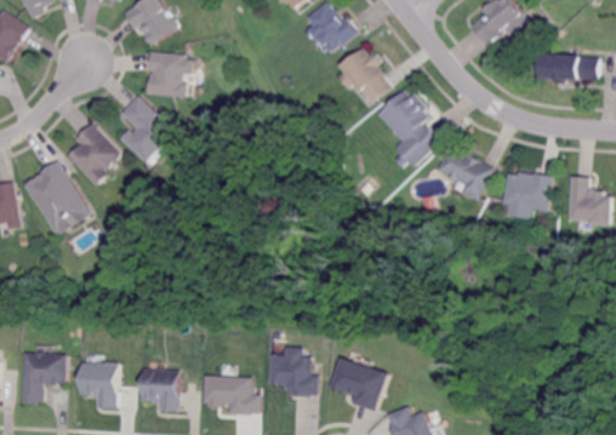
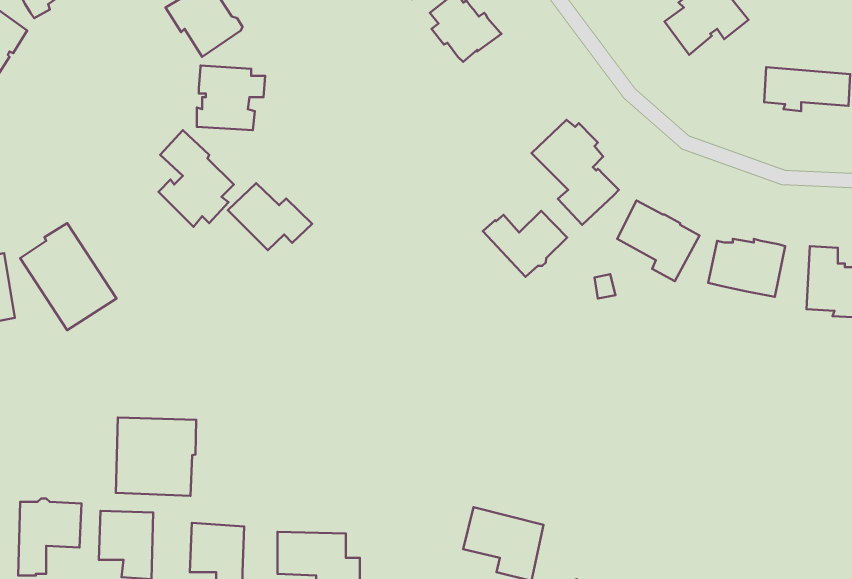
building: [338,46,389,99] -> none
building: [67,125,119,185] -> none
building: none -> [228,183,312,250]
building: none -> [483,211,567,277]
building: none -> [116,417,196,496]
building: [267,345,316,394] -> none

